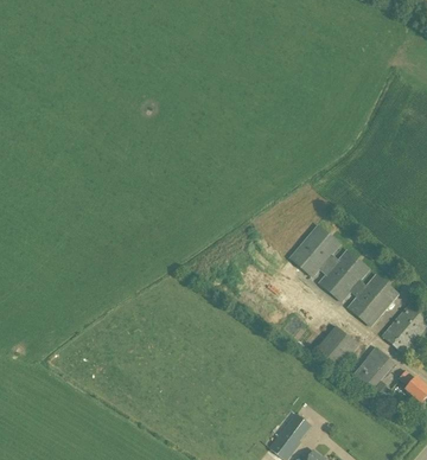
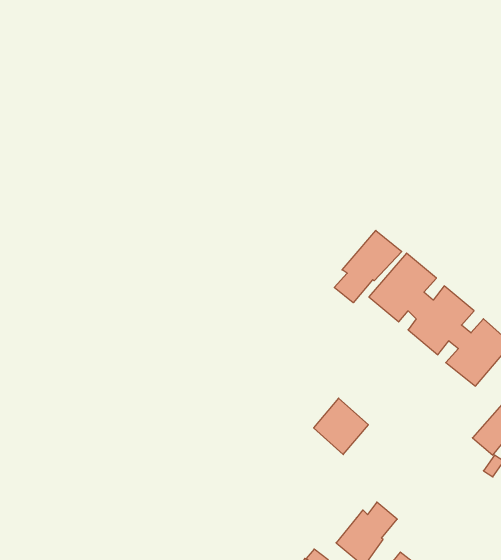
building: none -> [334,230,402,303]
building: [317,325,358,368] -> [314,398,368,455]

